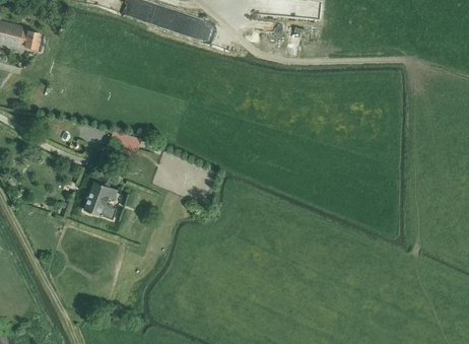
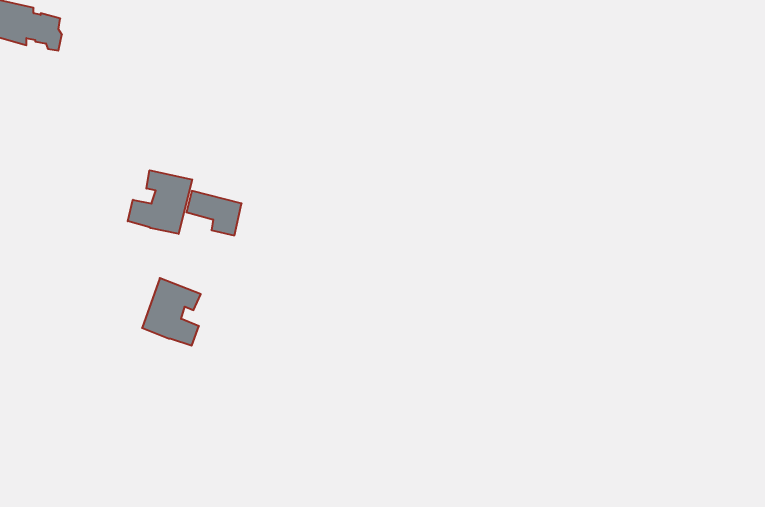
building: none -> [128,170,192,234]

